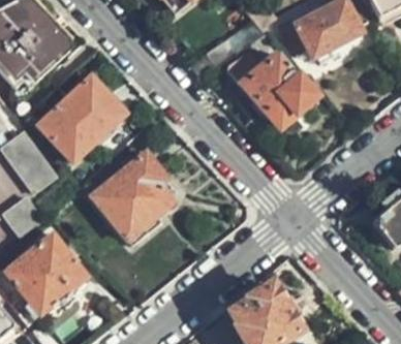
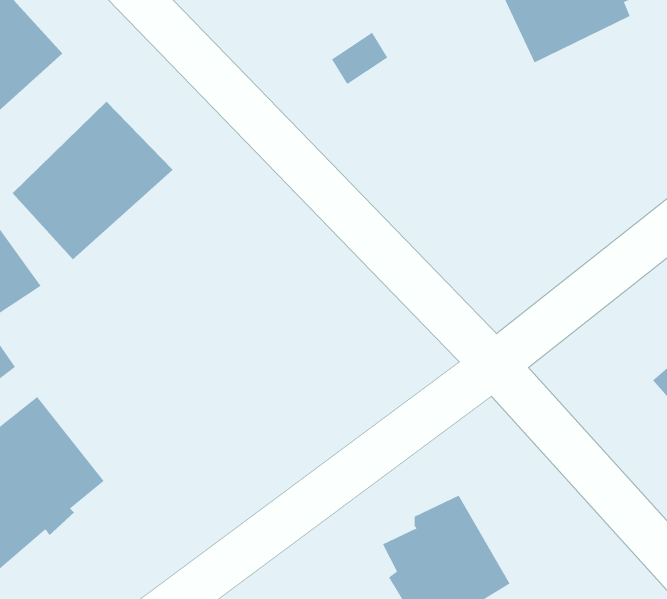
building: [227,51,312,125] -> none
building: [93,148,172,244] -> none

